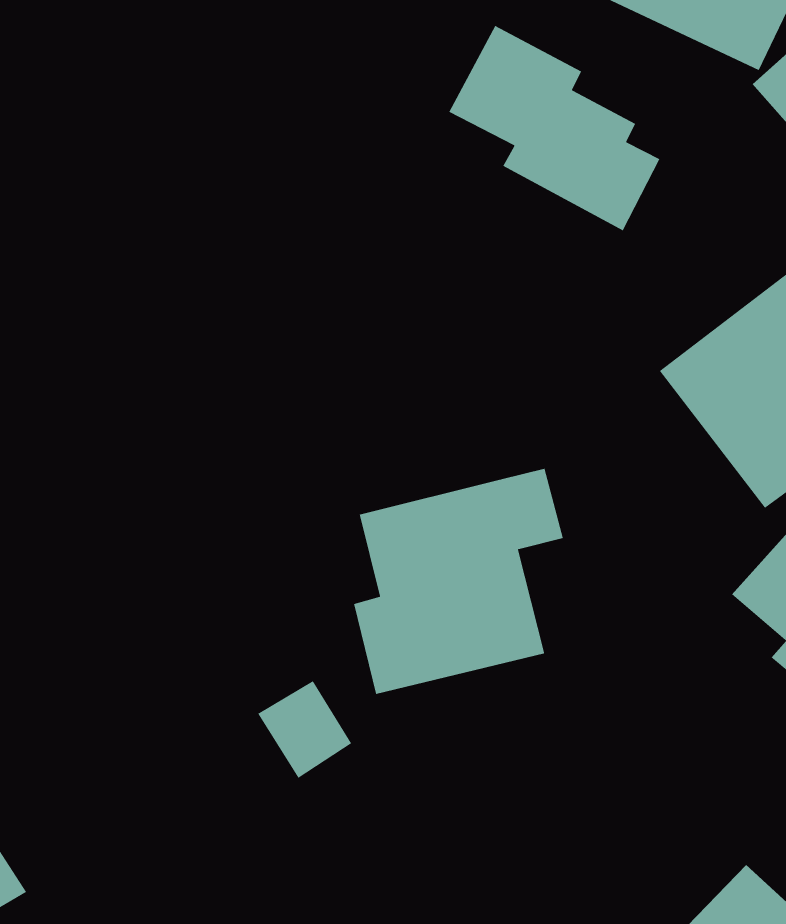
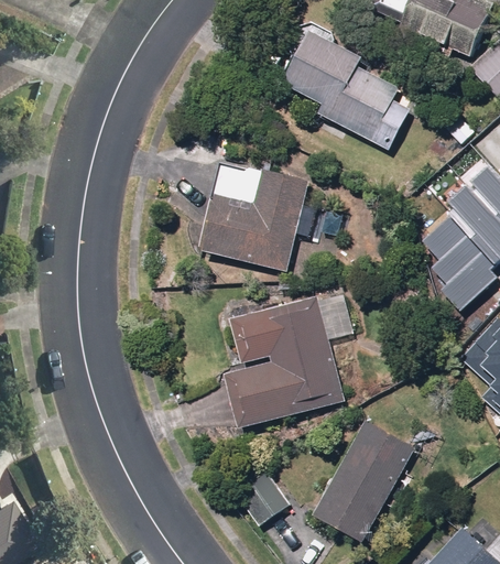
building: none -> [200,171,343,263]
building: [257,680,352,779] -> [232,467,289,525]
building: none -> [318,422,413,540]

